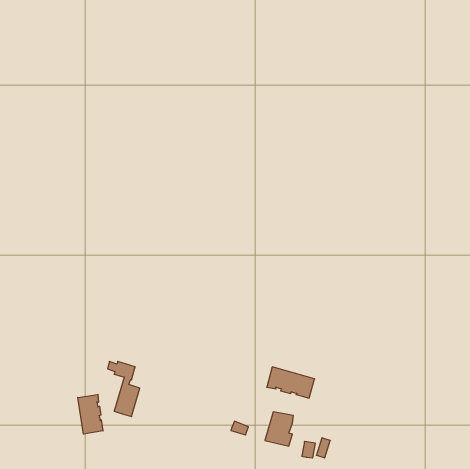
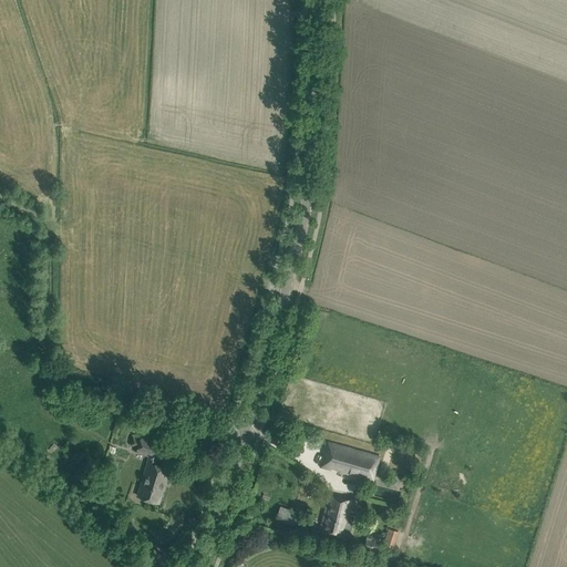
building: [78,394,103,434] -> none

